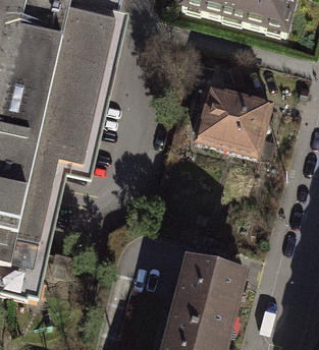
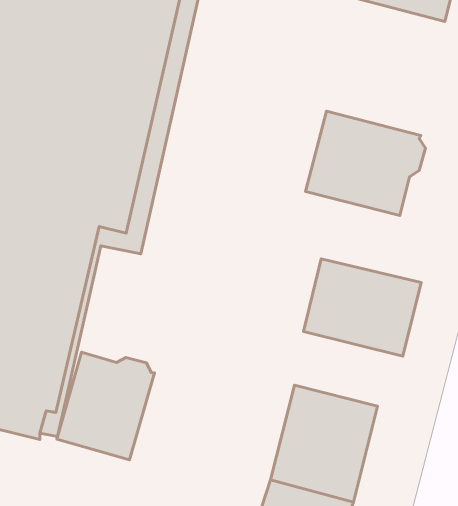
building: none -> [304,259,421,356]
building: none -> [57,352,154,460]

